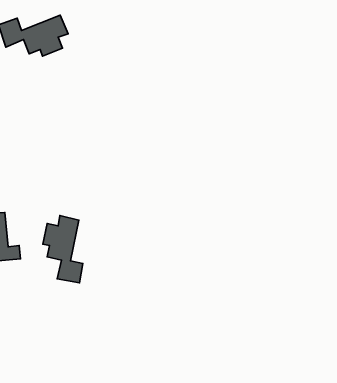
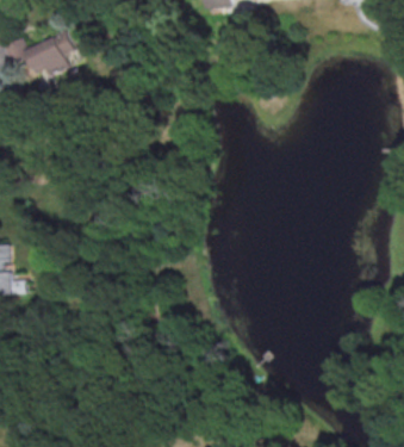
building: [43,216,83,283] -> none

